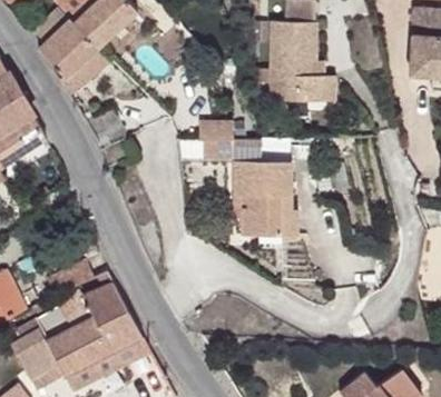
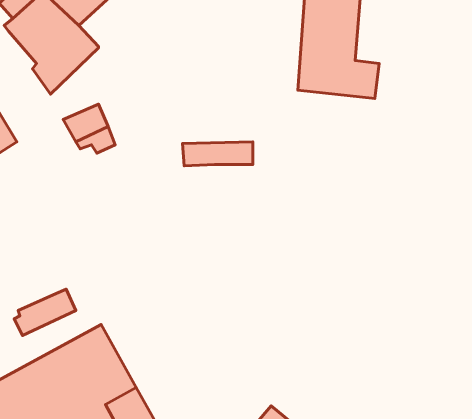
building: [231,161,297,239] -> none

